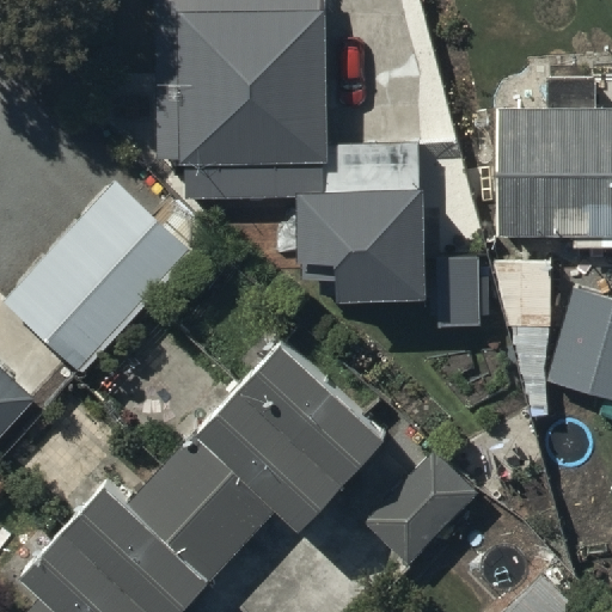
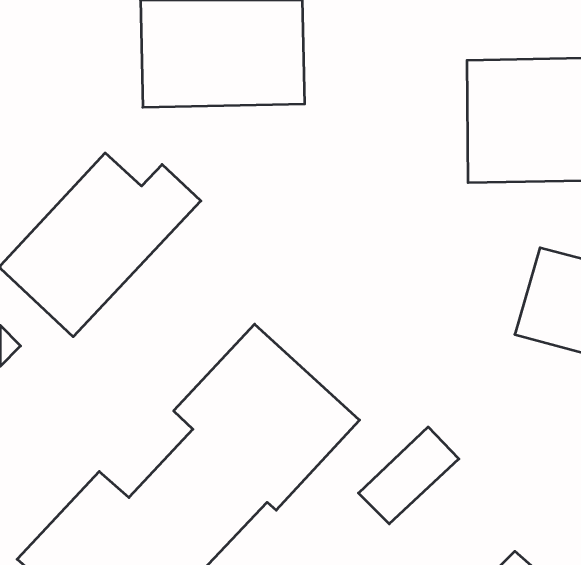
building: [282,133,422,261] -> none

